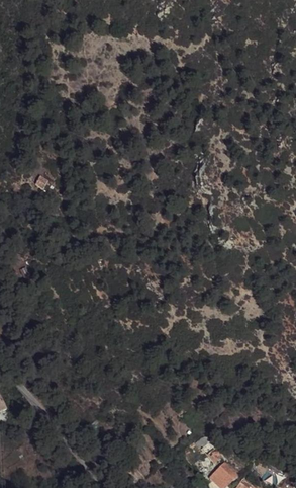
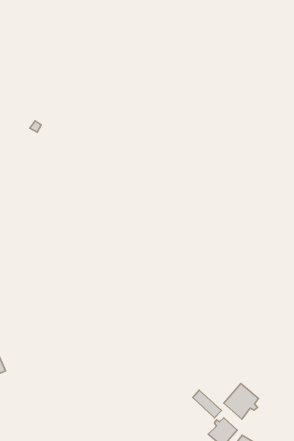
building: none -> [224,384,259,419]

